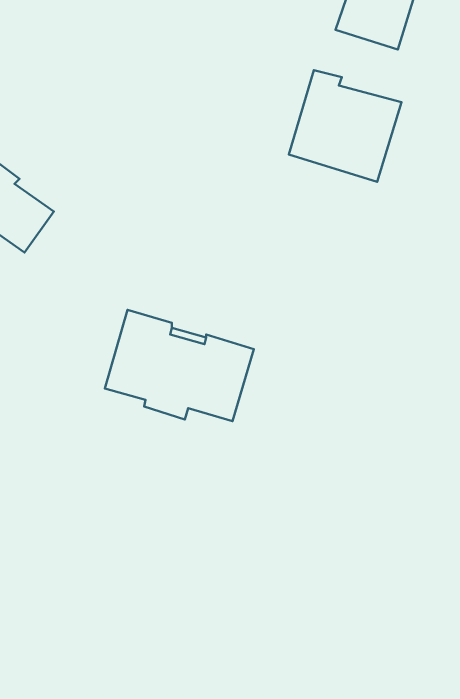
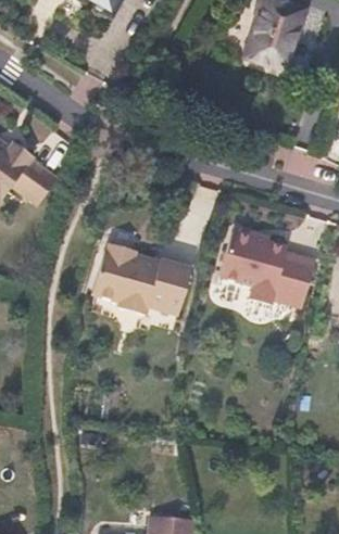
building: [289,70,401,182] -> none
building: none -> [221,228,315,307]

